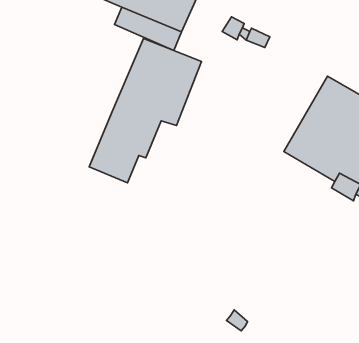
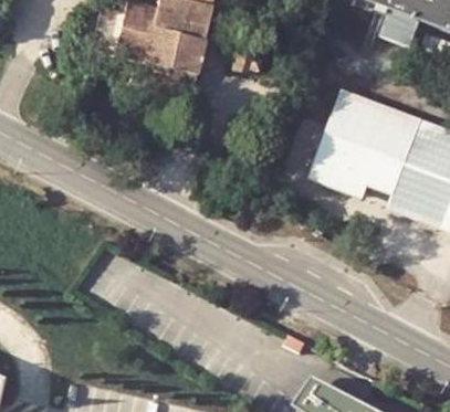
building: [89,38,202,183] -> none

